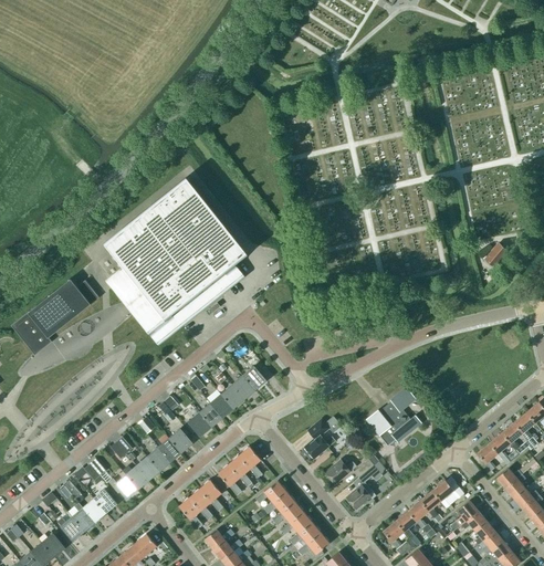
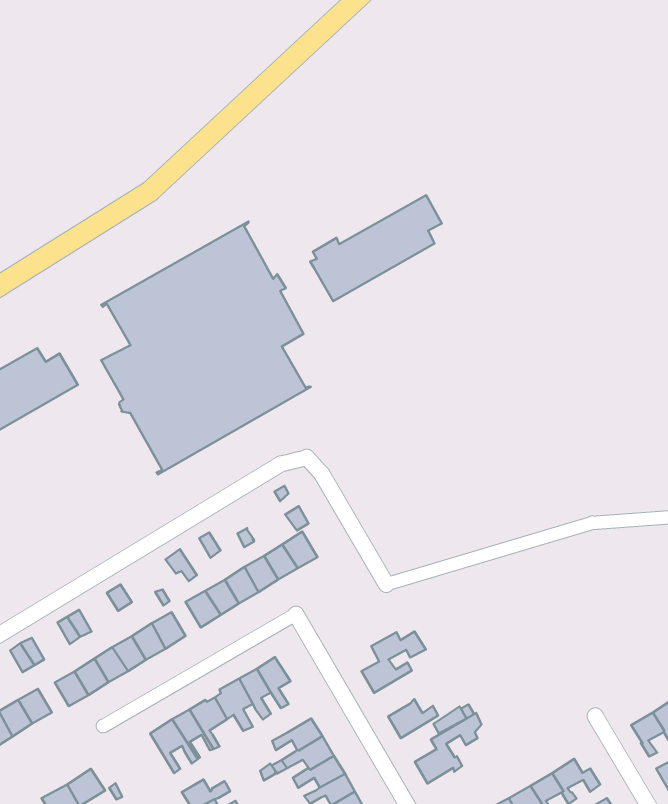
building: none -> [310,195,442,301]
building: [366,387,421,447] -> none

